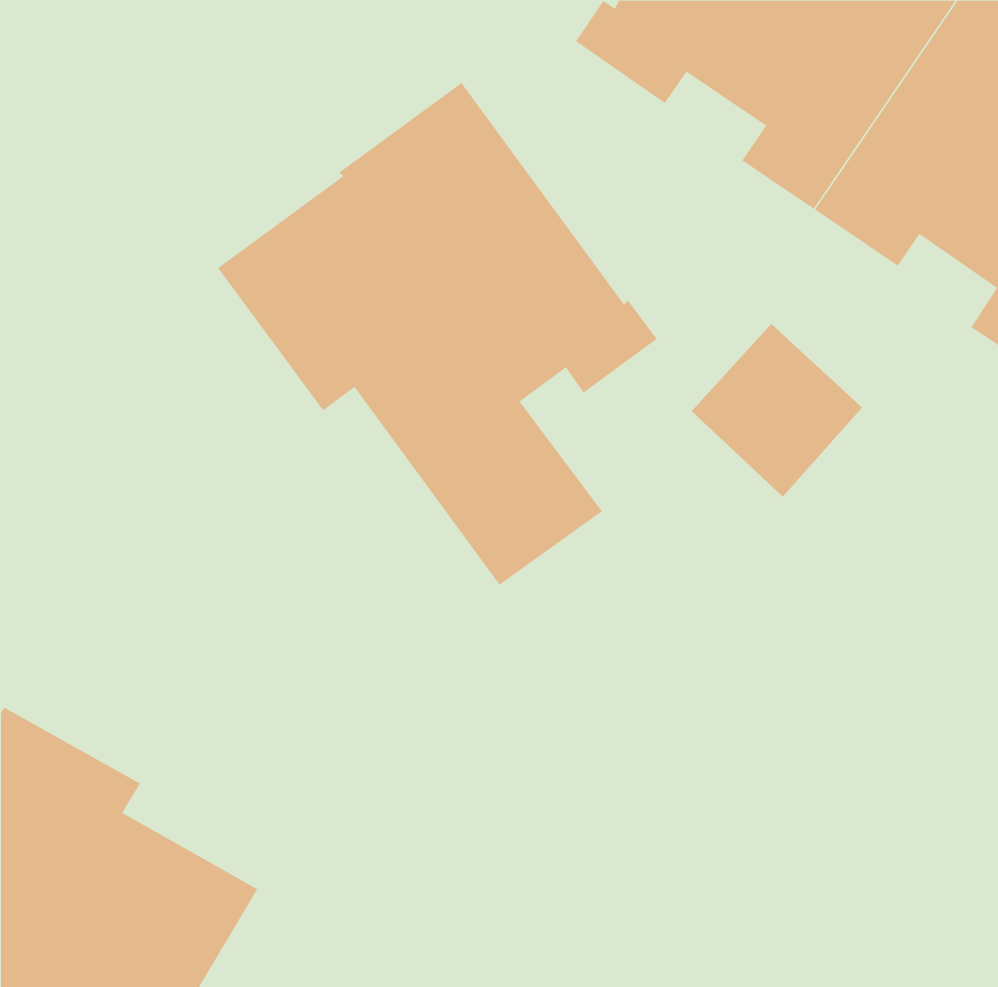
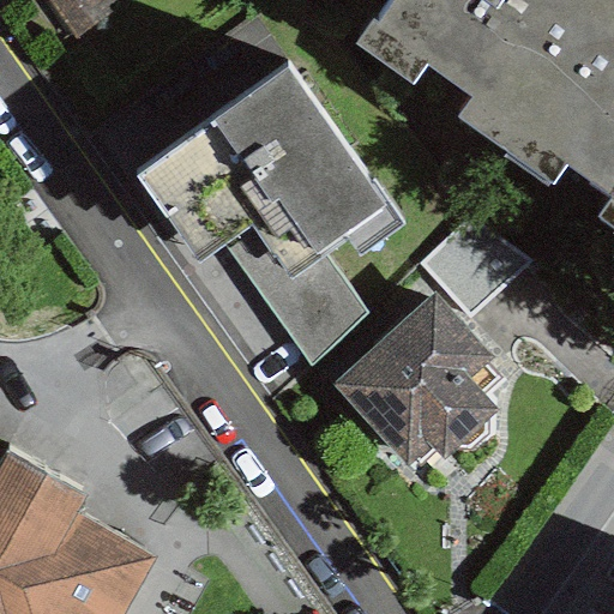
building: none -> [329,293,499,471]

